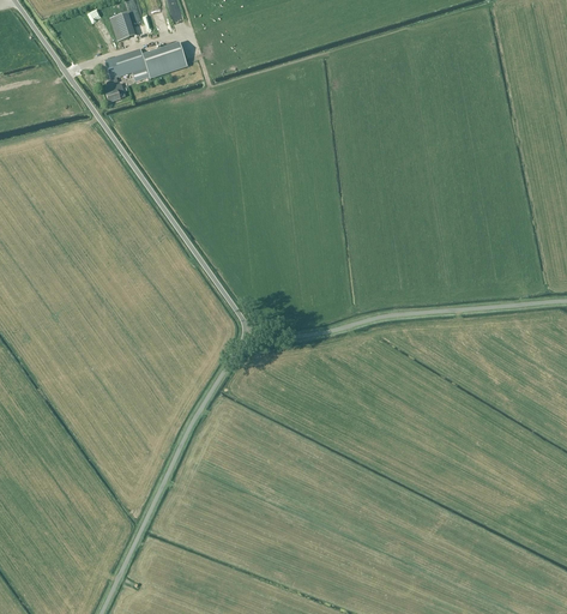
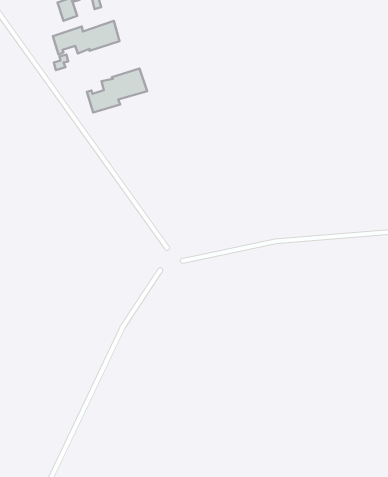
building: none -> [87,69,147,112]

